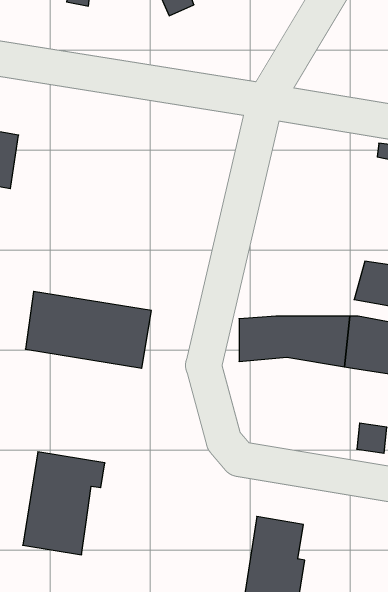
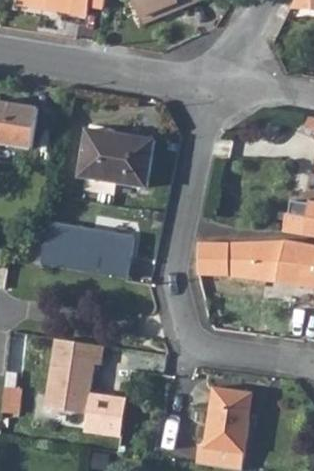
building: none -> [81,129,155,187]
building: none -> [82,393,125,437]

